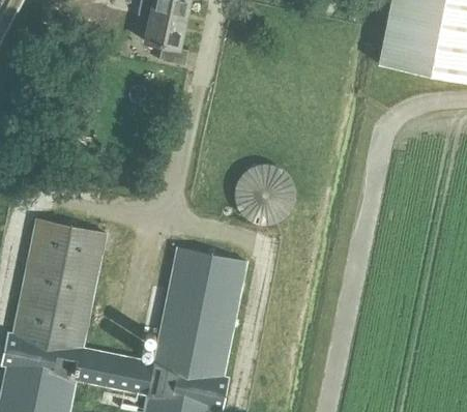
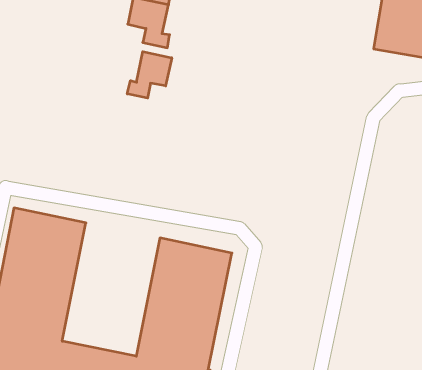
building: none -> [127,52,172,98]
building: [234,167,296,230] -> none

